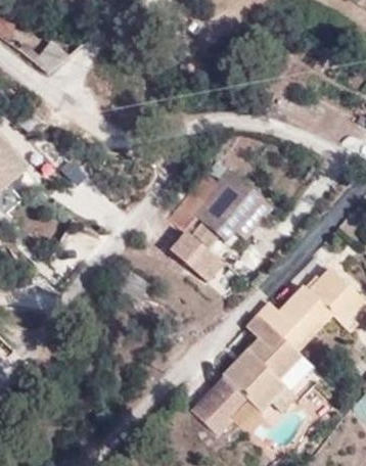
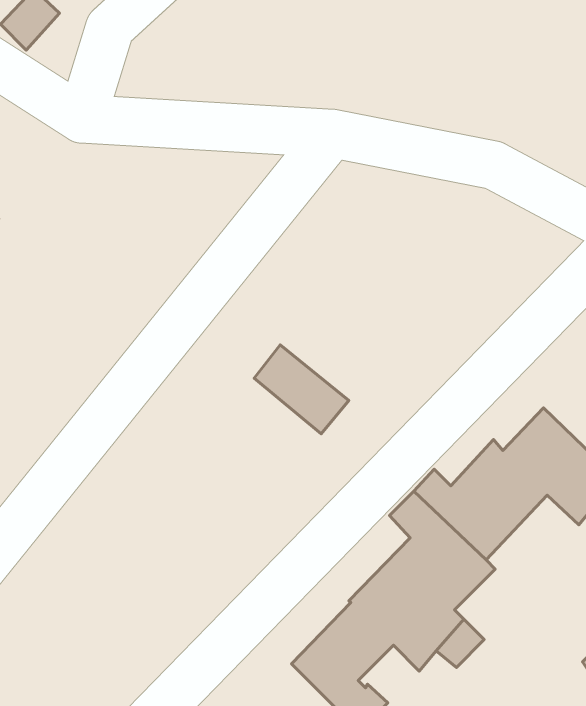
building: [171,171,263,241] -> none

